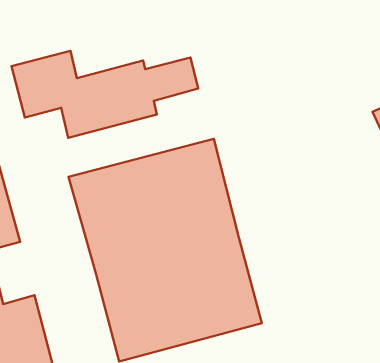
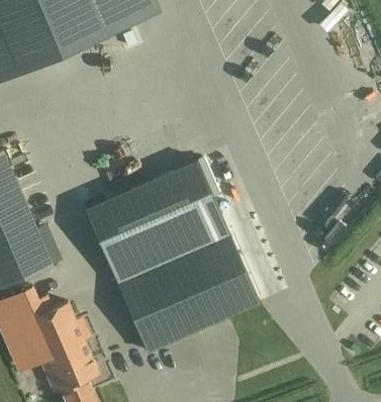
building: [11,51,198,138] -> none

